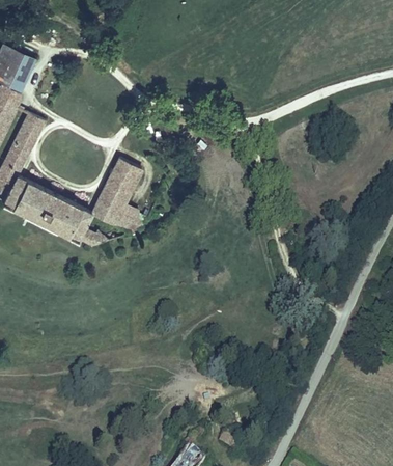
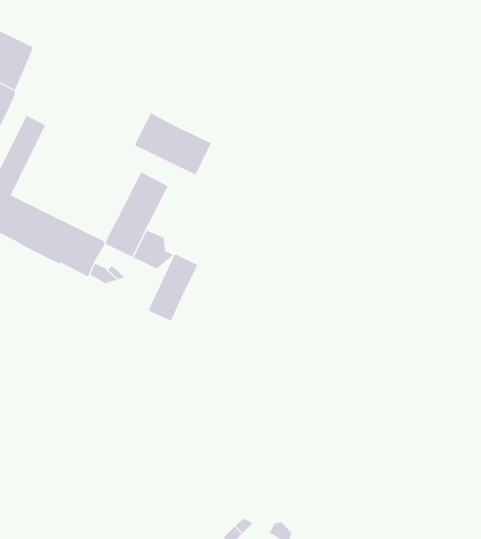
building: none -> [134,112,212,176]
building: none -> [148,254,198,322]

